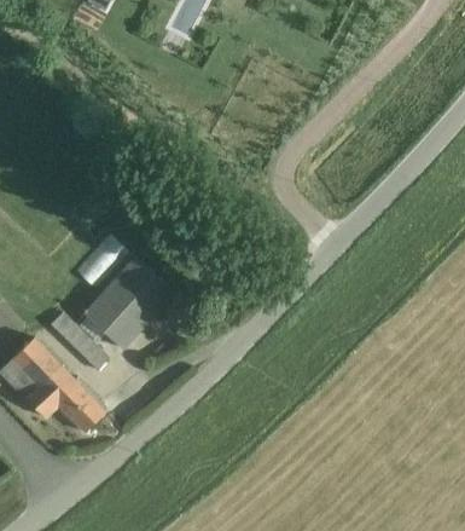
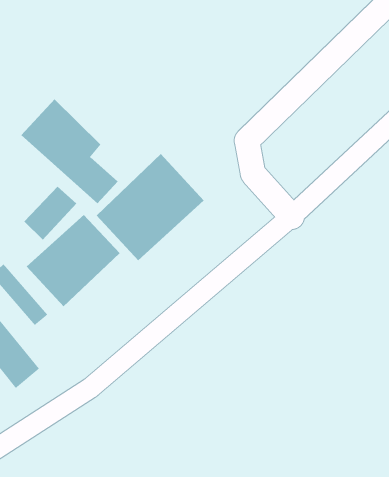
building: none -> [20,99,119,204]
building: none -> [96,153,205,261]

